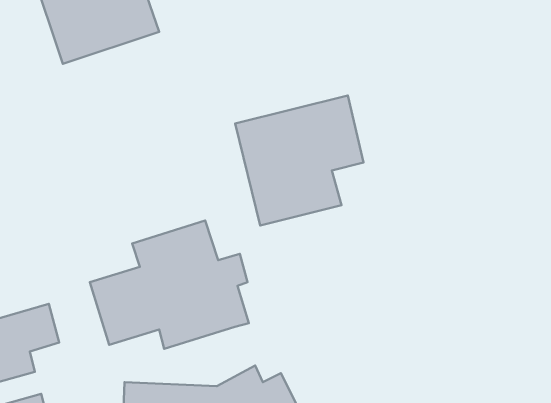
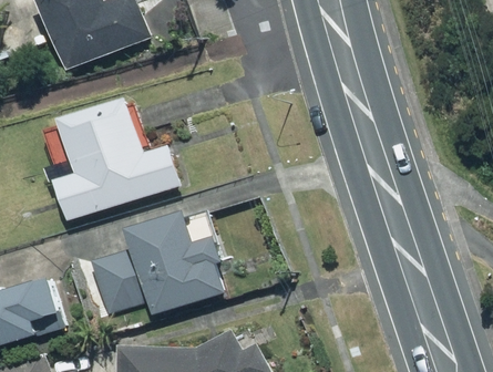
building: [235,95,364,225] -> none
building: none -> [52,99,178,218]

